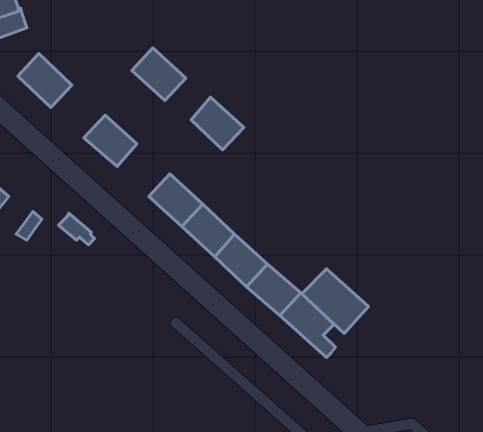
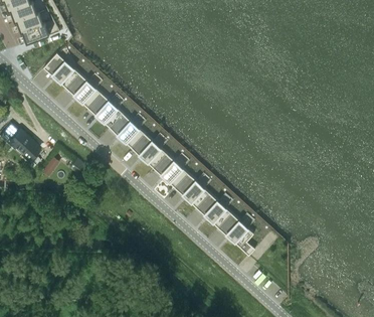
building: [132,48,186,101] -> [65,73,102,109]
building: [191,97,244,150] -> [110,113,145,148]
building: [302,269,369,333] -> none

